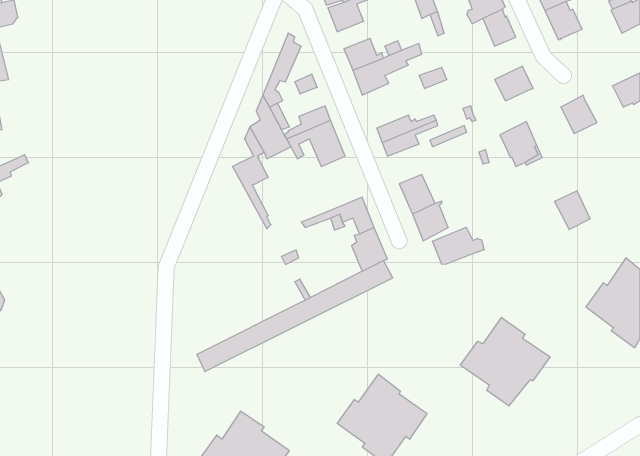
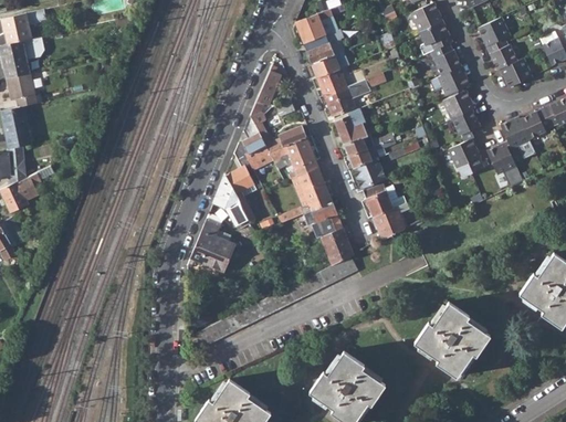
building: none -> [312,51,348,78]
building: none -> [499,59,531,88]
building: none -> [439,68,470,97]
building: none -> [334,109,374,145]
building: none -> [518,109,551,139]
building: none -> [453,113,483,141]
building: none -> [354,159,385,188]
building: none -> [279,168,333,223]
building: none -> [213,177,248,225]
building: [554,191,590,229] -> [484,144,514,176]
building: none -> [190,217,237,273]
building: [433,227,484,264] -> none

